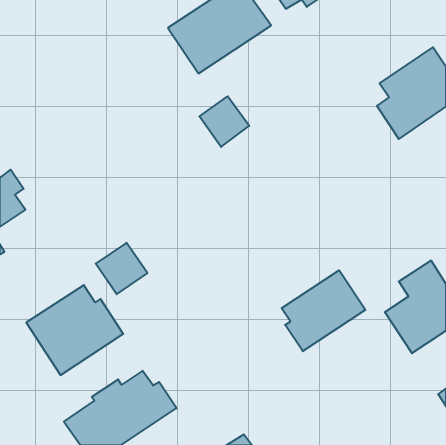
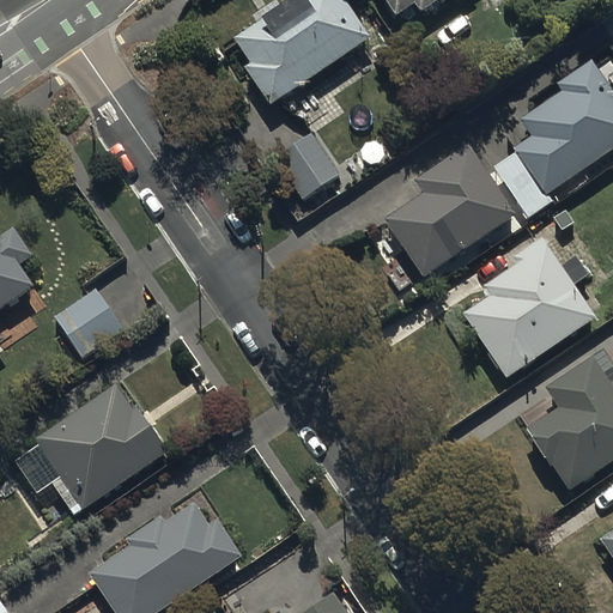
building: none -> [388,142,514,271]
building: none -> [463,241,594,375]
building: [96,243,147,294] -> [55,291,126,362]
building: [282,270,365,351] -> none

